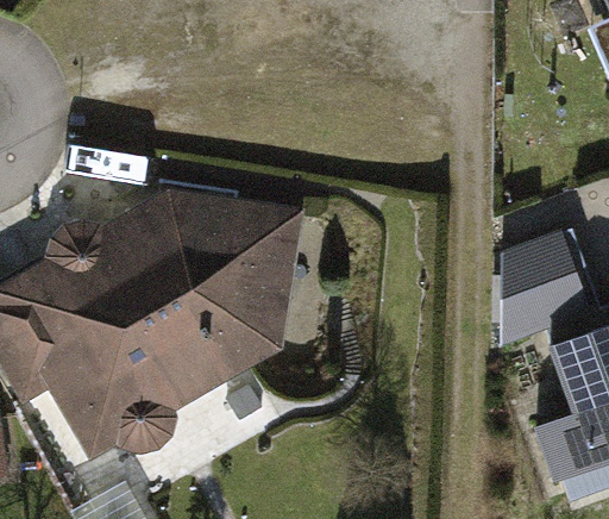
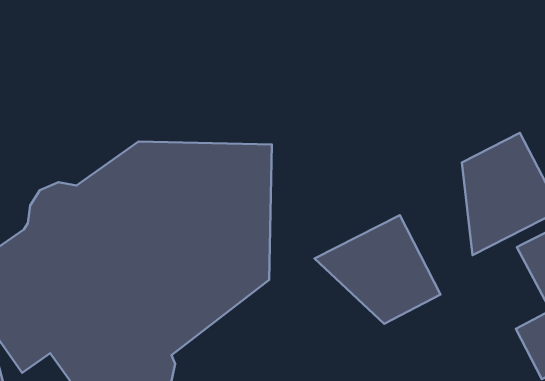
building: none -> [315,215,440,324]

